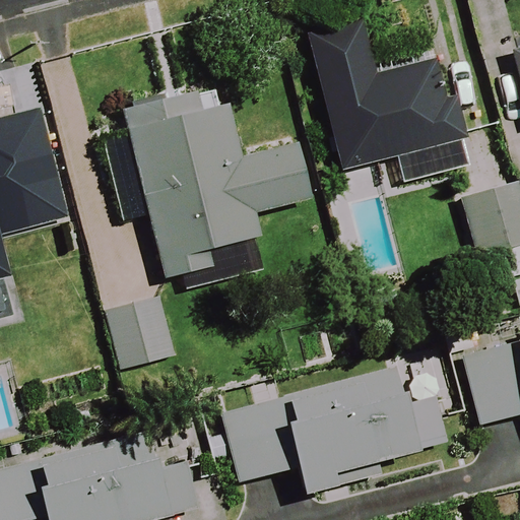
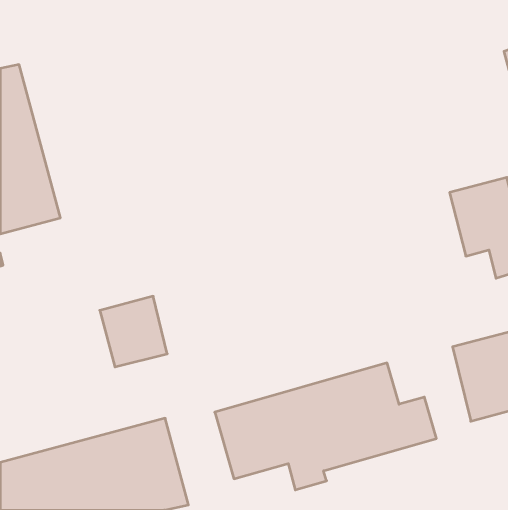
building: [318,56,455,171] -> none
building: [126,88,315,279] -> none

